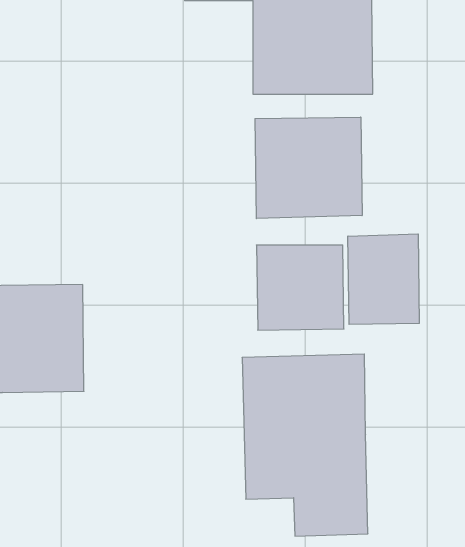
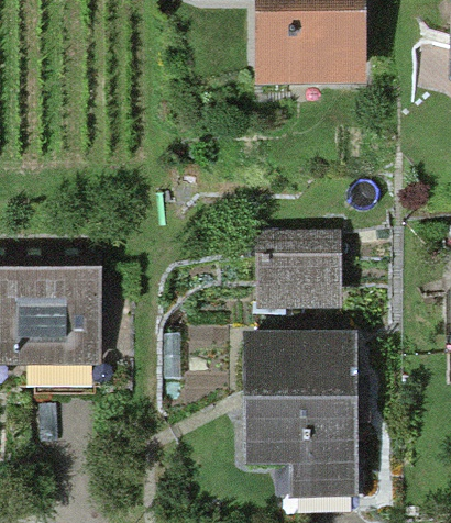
building: [255,117,362,219] -> none
building: [348,234,419,324] -> none

